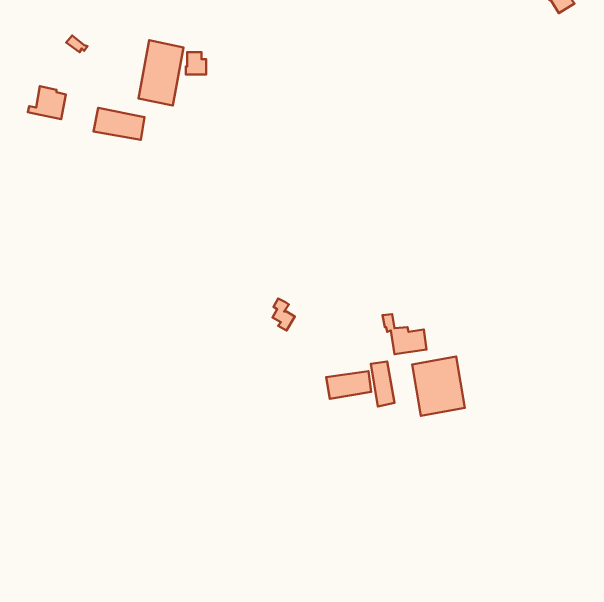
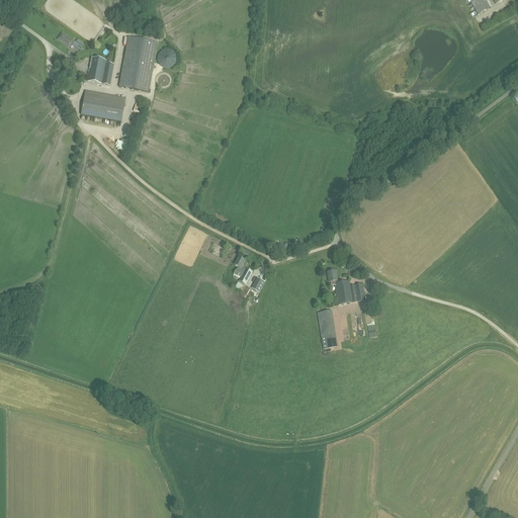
building: [28,86,66,119] -> [81,55,113,83]
building: [412,356,465,416] -> none
building: [326,371,371,399] -> none

